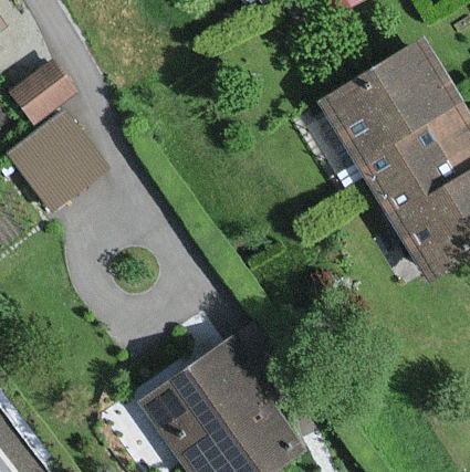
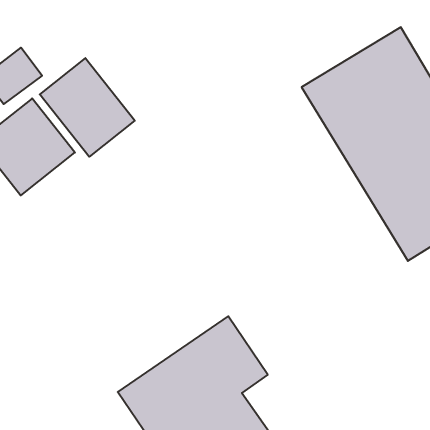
building: none -> [40,58,135,157]

